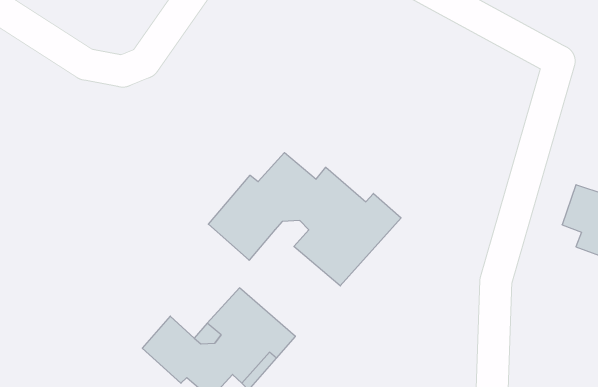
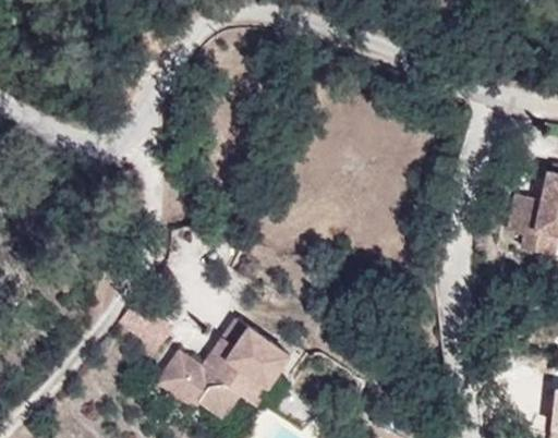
building: [208,153,401,286] -> none

